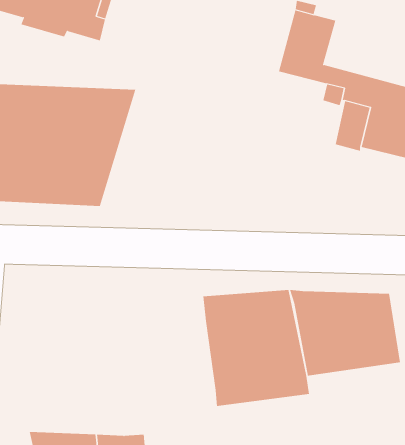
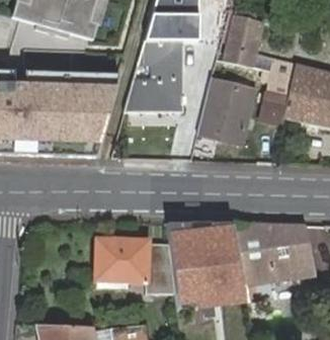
building: none -> [121,13,200,111]
building: none -> [196,85,254,150]
building: none -> [95,239,175,295]

